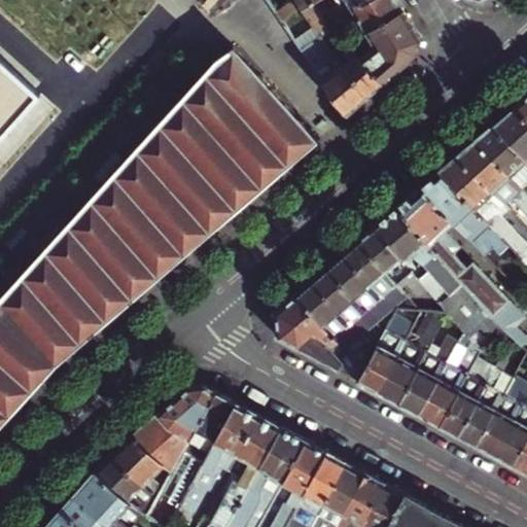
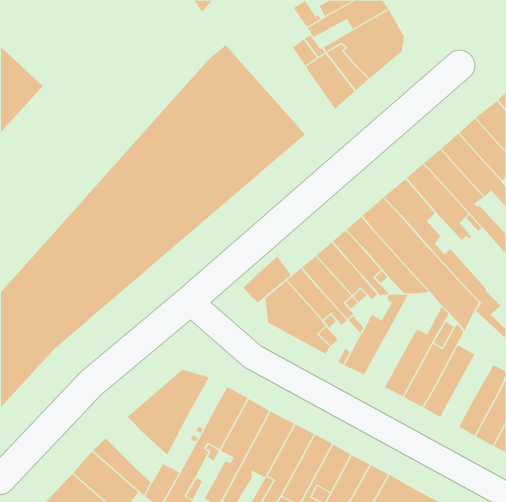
building: none -> [243,256,291,304]
building: [379,308,451,407] -> none
building: [458,373,513,448] -> none
building: [197,396,236,444] -> none
building: [110,437,174,505] -> none

